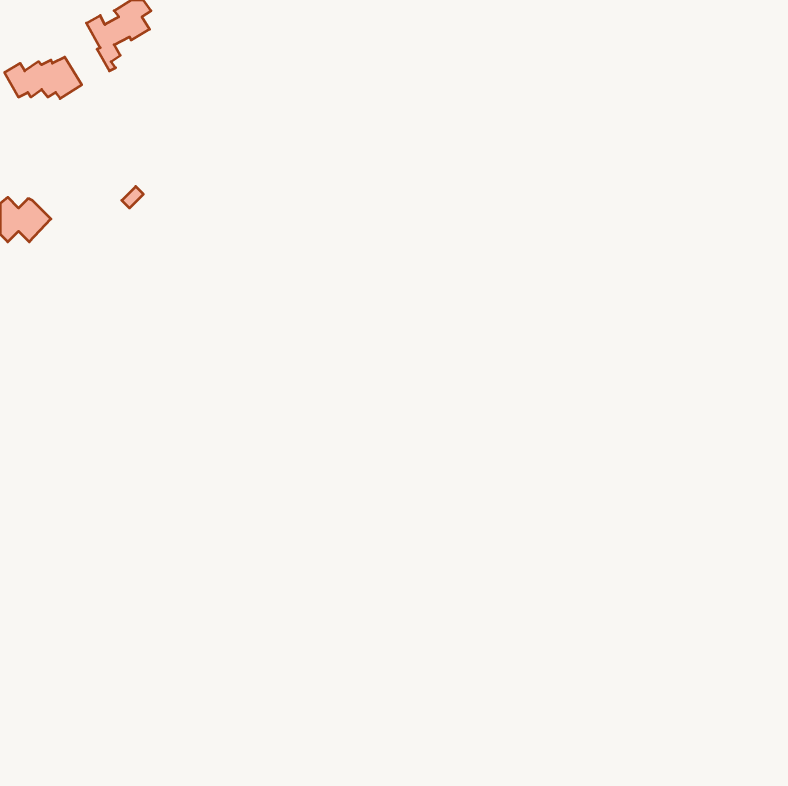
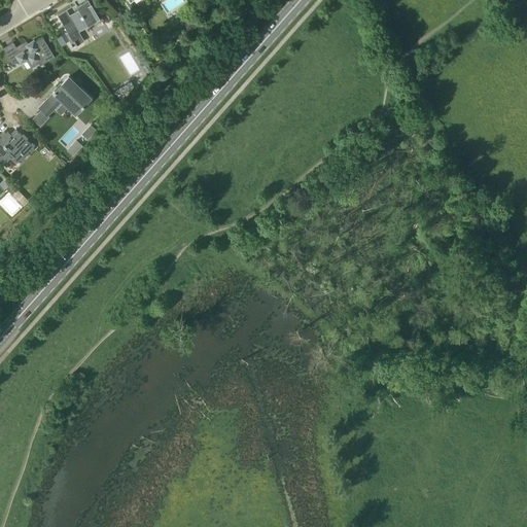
building: none -> [39,77,91,117]

